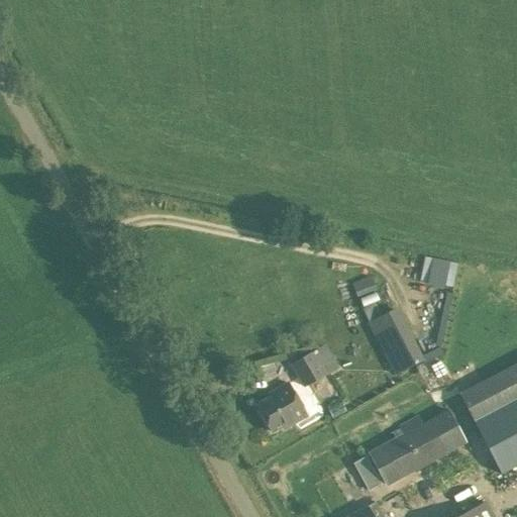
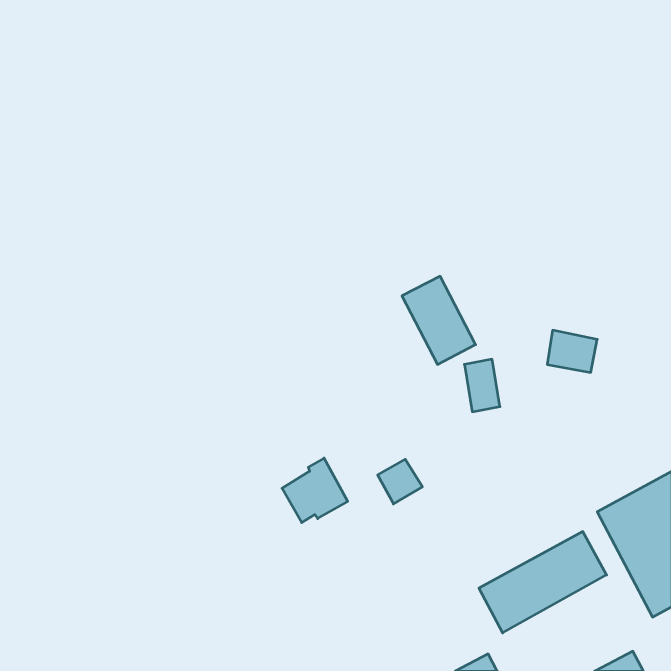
building: [369,307,425,375] -> [402,276,476,364]
building: [255,383,306,432] -> [282,458,348,523]
building: [353,453,383,489] -> none

